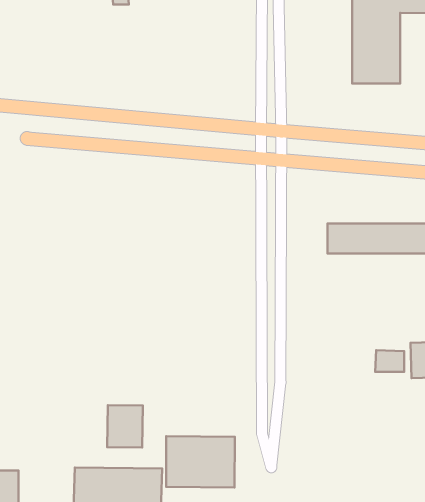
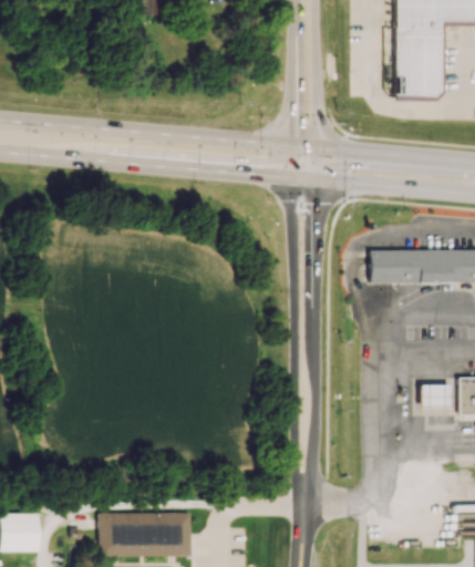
building: [107,405,143,448] -> none
building: [166,436,235,488] -> none

